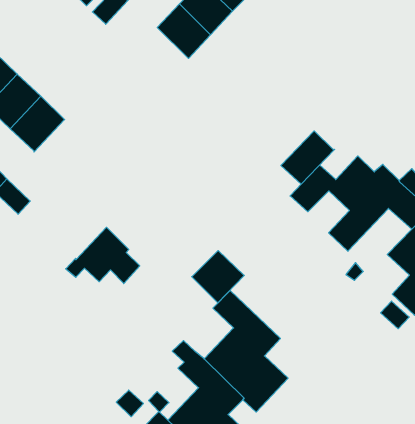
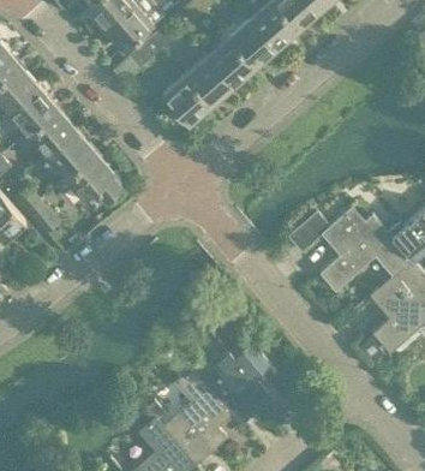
building: none -> [161,77,209,126]
building: [281,131,335,184] -> none
building: [66,227,140,284] -> [54,151,120,203]
building: [192,251,244,303] -> none

